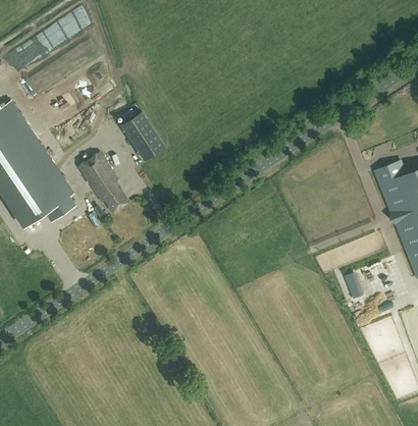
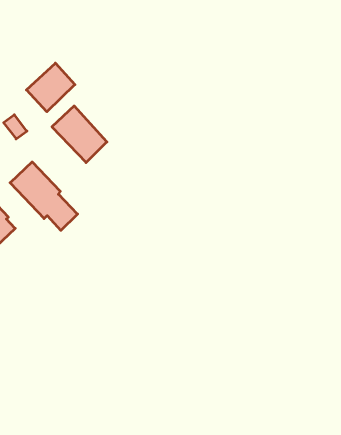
building: none -> [26,63,75,112]

